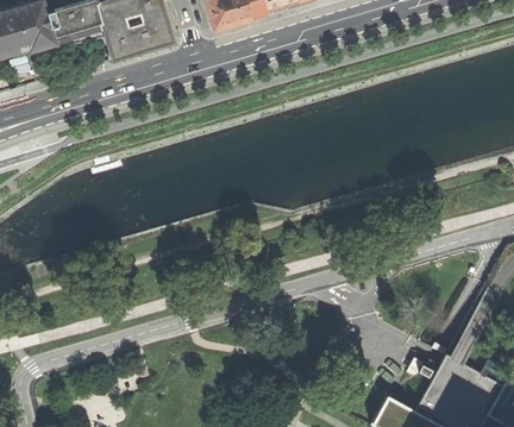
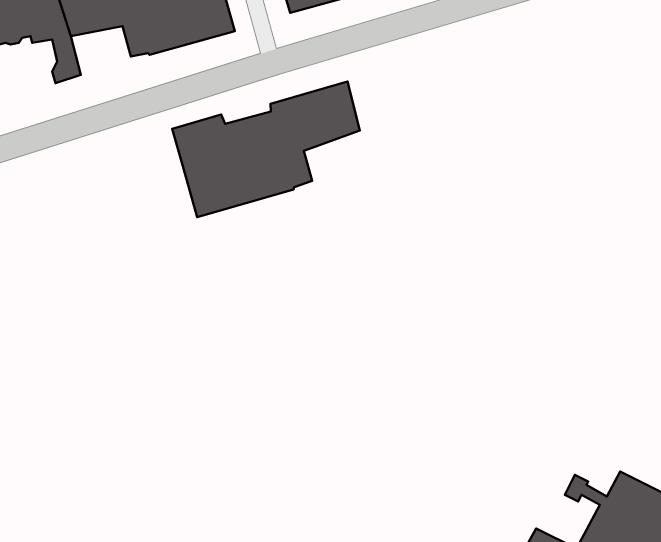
building: none -> [172,81,360,217]

